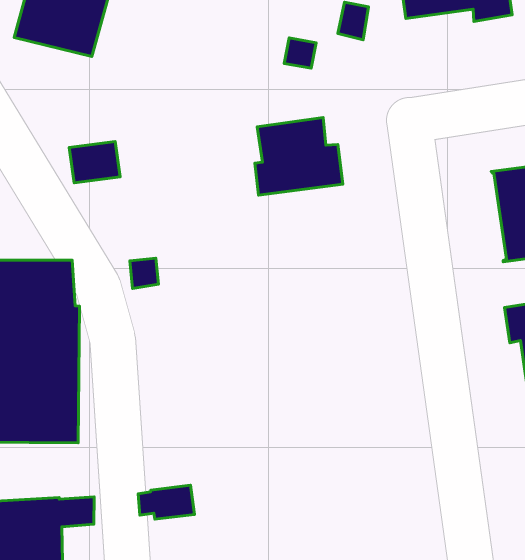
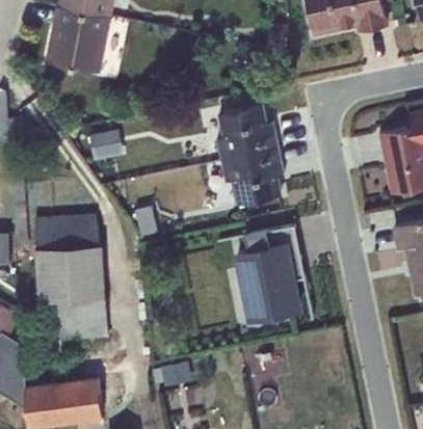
building: none -> [220,150,283,206]
building: none -> [233,225,306,321]

